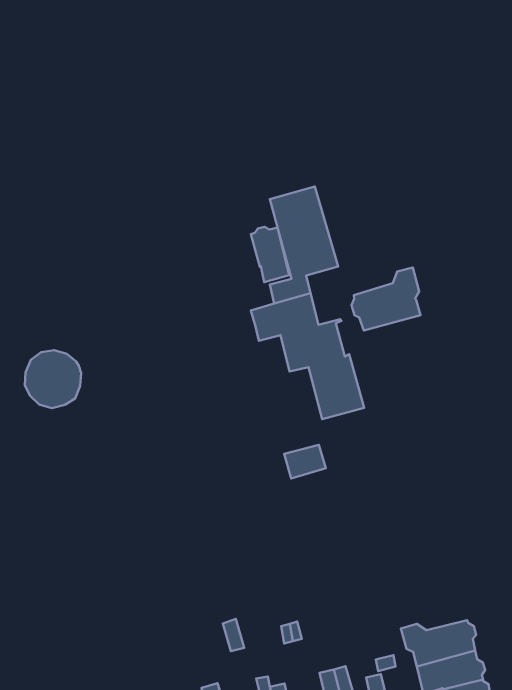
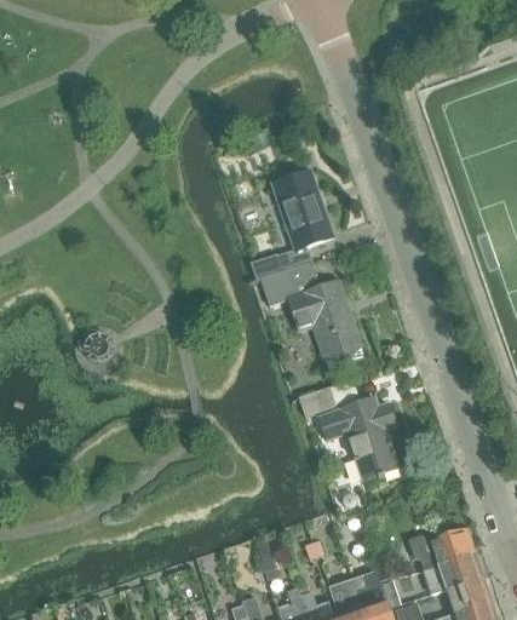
building: [251,227,289,282] -> none
building: [352,268,420,330] -> none
building: none -> [318,403,398,481]

